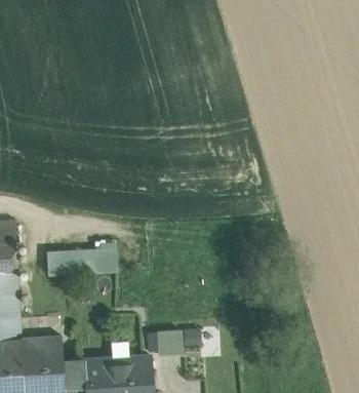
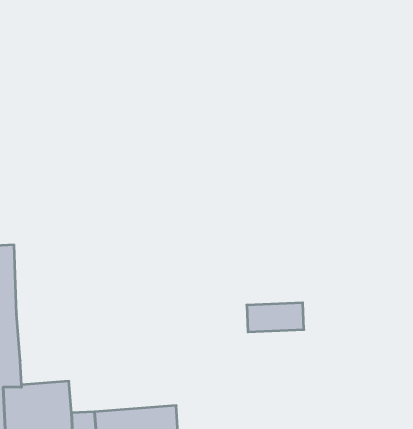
building: [46,241,115,274] -> none
building: [150,326,198,351] -> [247,303,304,332]

